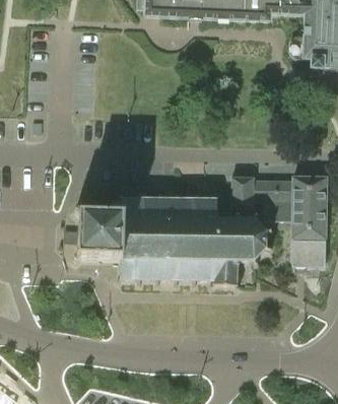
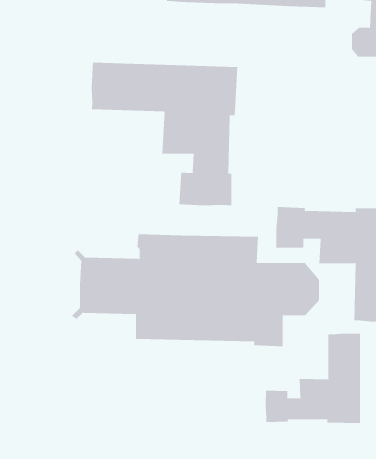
building: none -> [91,62,238,206]
building: none -> [265,333,361,424]

